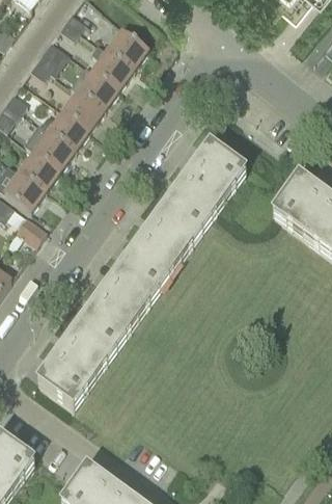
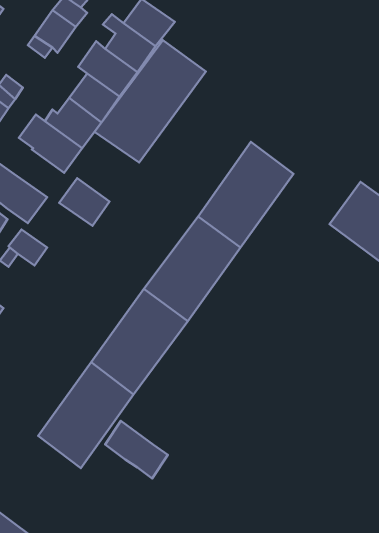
building: none -> [94,40,206,163]
building: [19,152,59,190] -> [59,178,109,226]
building: none -> [105,421,168,479]

